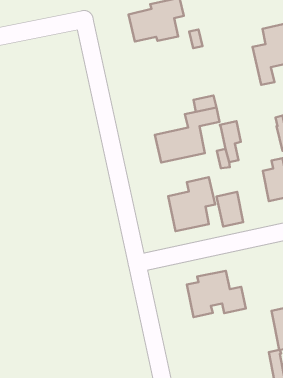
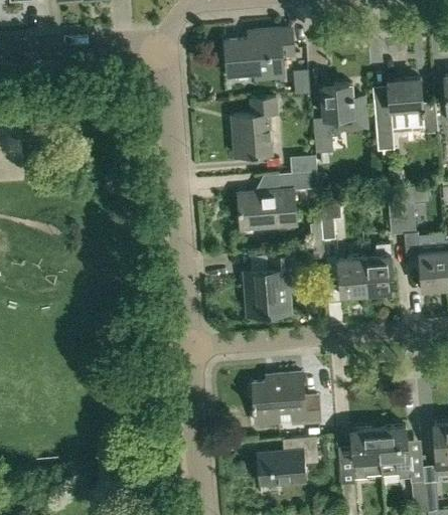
building: none -> [312,85,360,154]
building: none -> [231,98,276,157]
building: [217,192,243,227] -> [337,256,365,297]
building: none -> [258,437,317,485]

